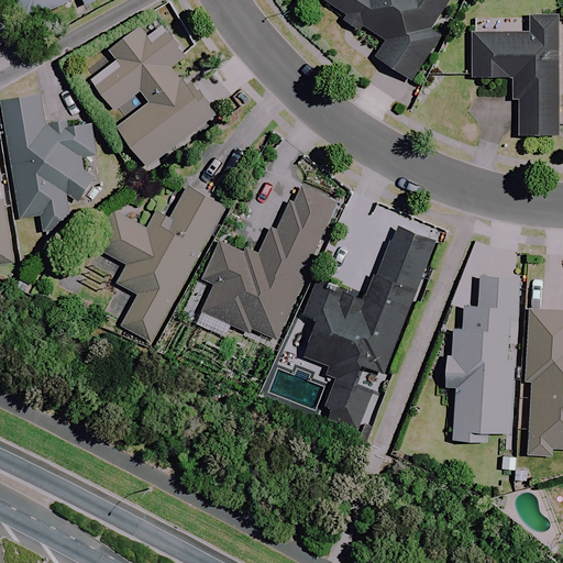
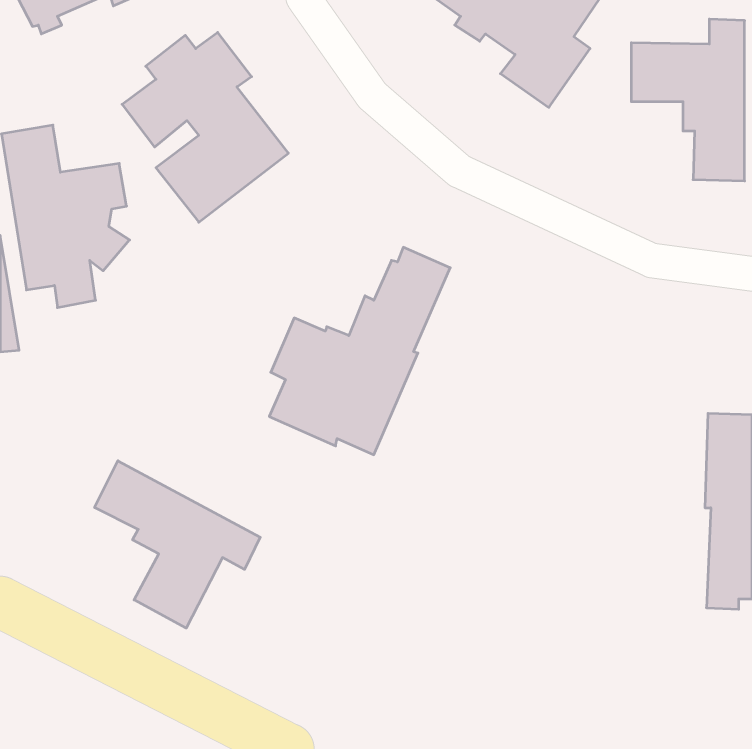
building: [97,186,223,341] -> none
building: [302,225,439,426] -> none
building: [443,274,519,441] -> none
building: none -> [95,461,260,628]

